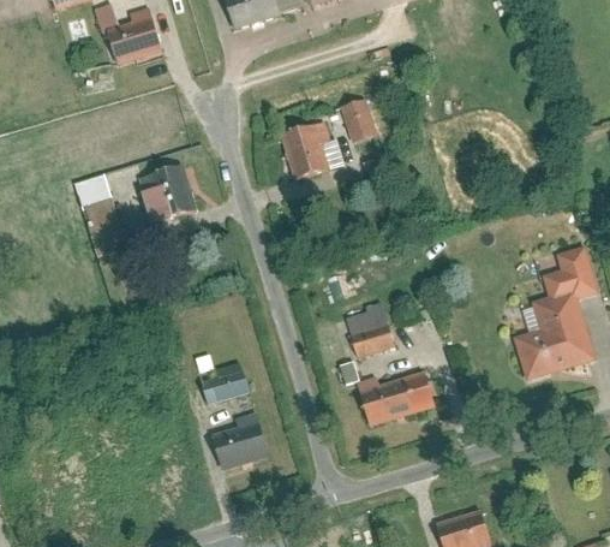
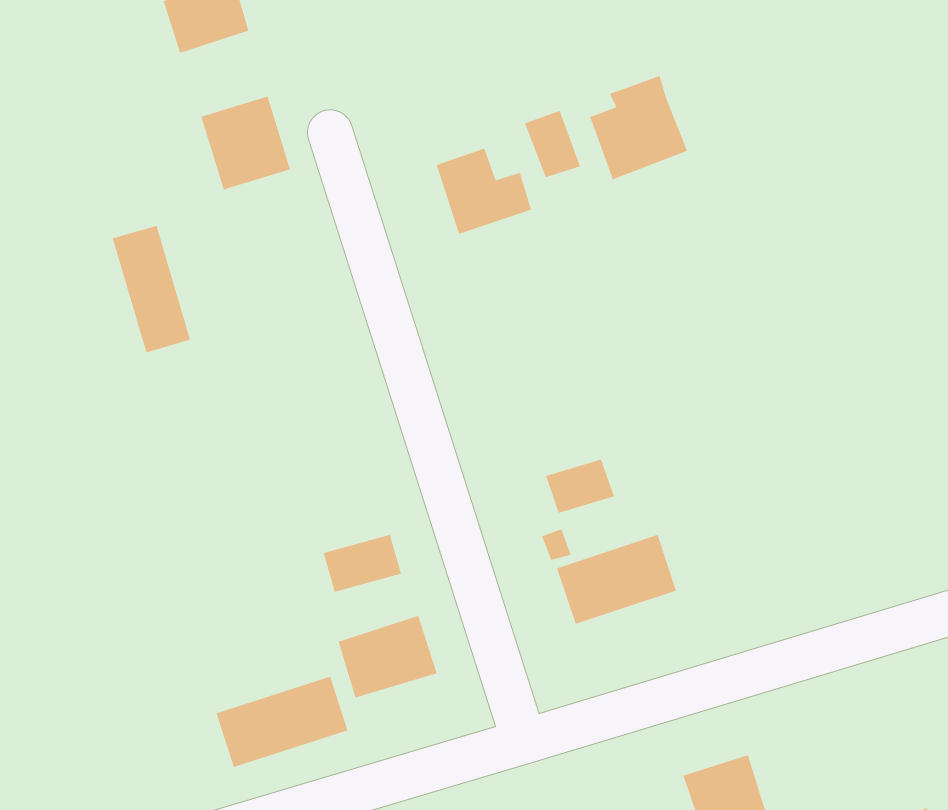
building: none -> [590,75,688,180]
building: [138,161,196,221] -> [201,96,291,190]
building: [510,244,597,380] -> none
building: none -> [216,676,348,768]

